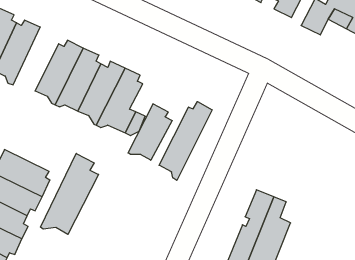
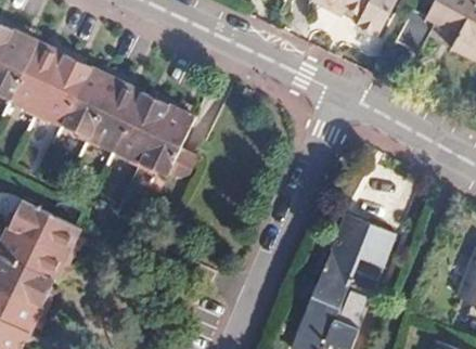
building: none -> [33,46,89,125]
building: [159,102,212,180] -> none
building: [128,104,172,160] -> none
building: [41,153,99,234] -> none
building: none -> [334,215,398,288]

